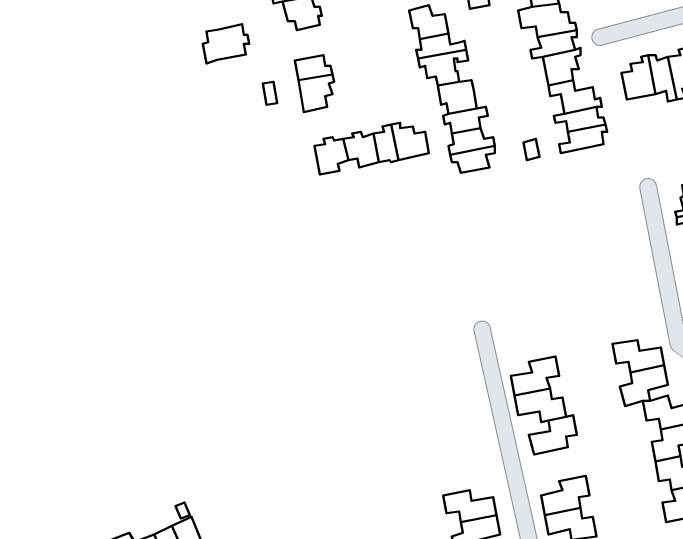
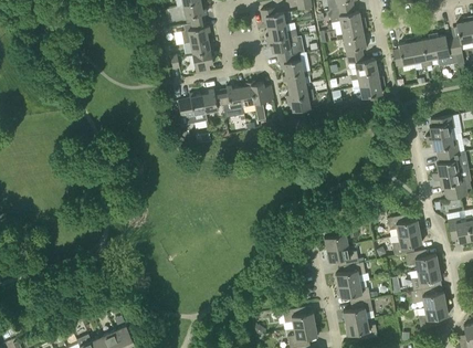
building: [203,24,249,63] -> [181,20,210,44]
building: none -> [179,93,207,126]
building: none -> [338,282,370,303]

